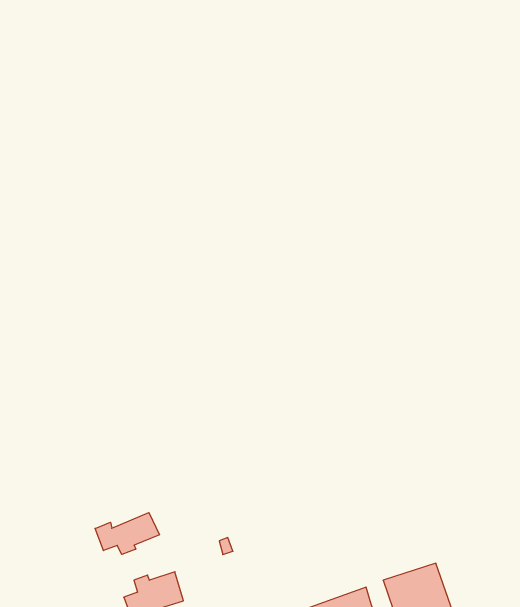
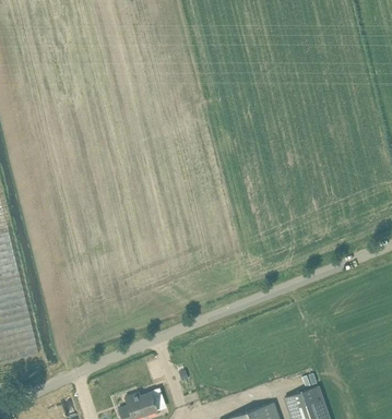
building: [95,513,160,554] -> none

